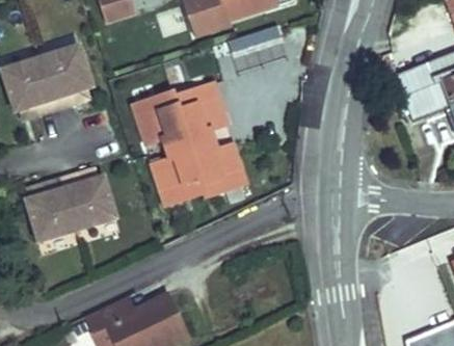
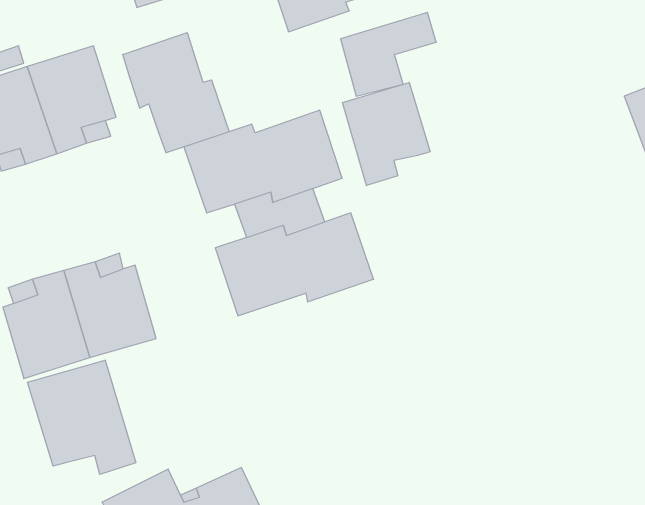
building: none -> [123,33,229,153]
building: none -> [342,82,430,186]
building: none -> [28,360,136,474]

